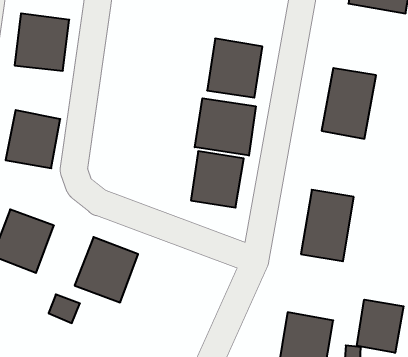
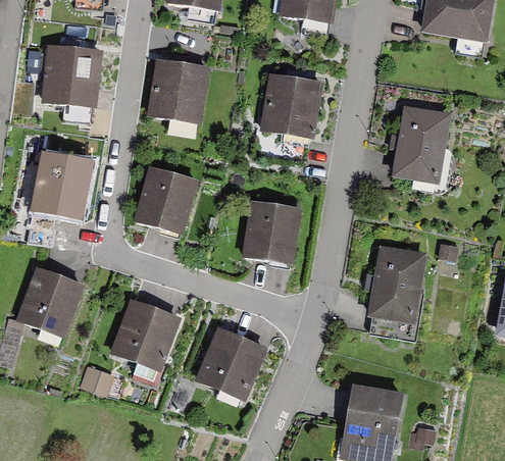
building: none -> [147,57,210,124]
building: [195,98,256,156] -> none
building: none -> [133,164,200,235]
building: none -> [195,326,268,402]
building: [357,300,404,353] -> none

